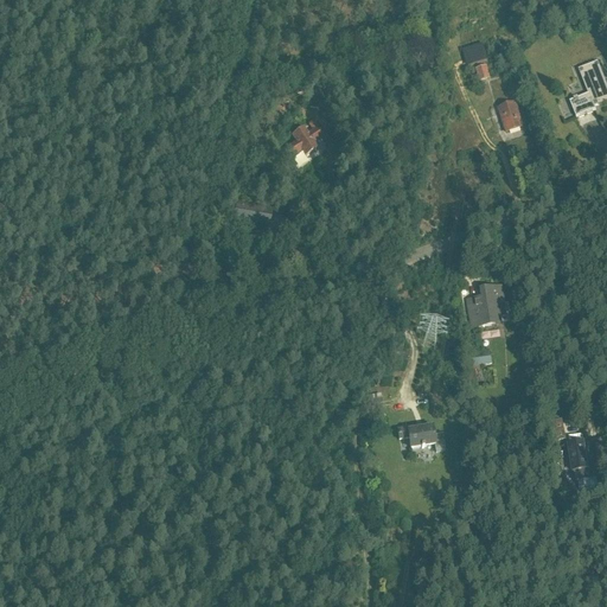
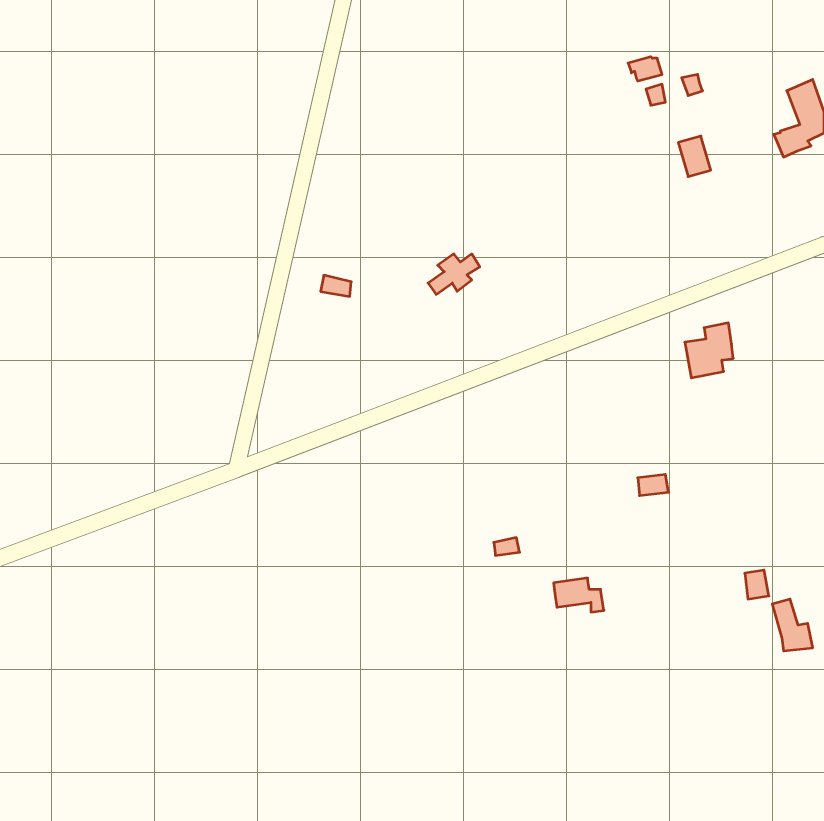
building: [282,124,320,154] -> [428,254,480,294]
building: [466,285,501,325] -> [685,323,733,378]

